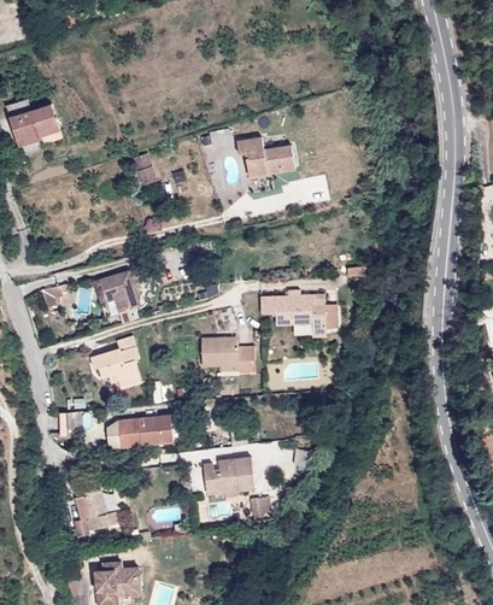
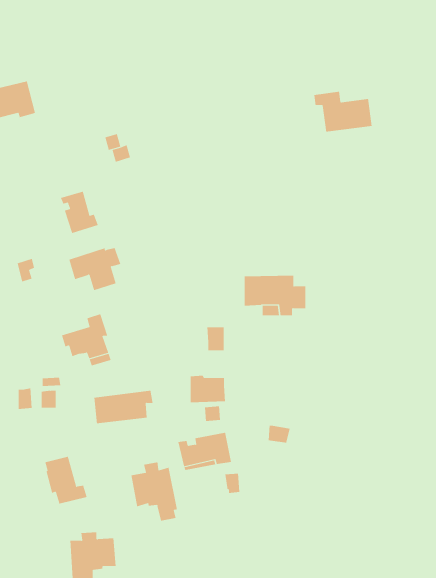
building: [234,134,293,175] -> [314,91,372,132]
building: none -> [60,191,99,234]
building: [198,340,234,368] -> [190,375,226,403]
building: none -> [131,462,177,521]

